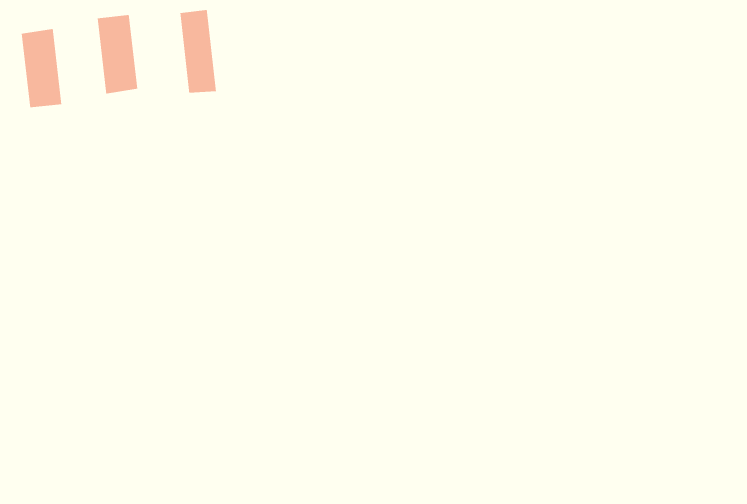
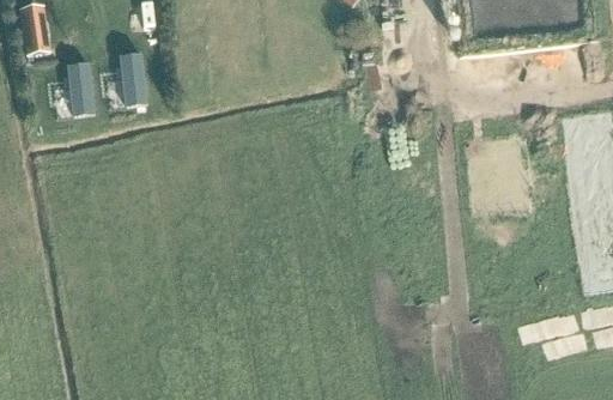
building: [180,9,217,93] -> none

